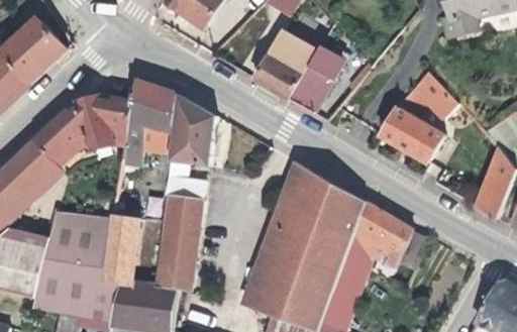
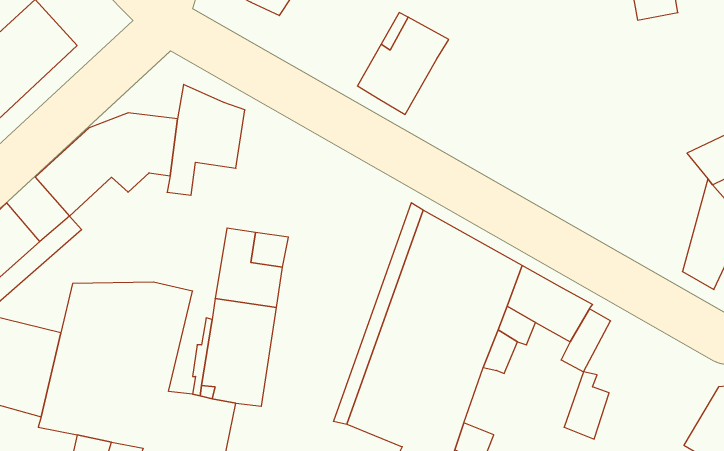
building: [287,61,329,110] -> none
building: [372,70,450,159] -> none
building: [168,95,213,167] -> none
building: [18,140,61,184] -> none
building: [326,268,356,314] -> [564,372,609,439]

